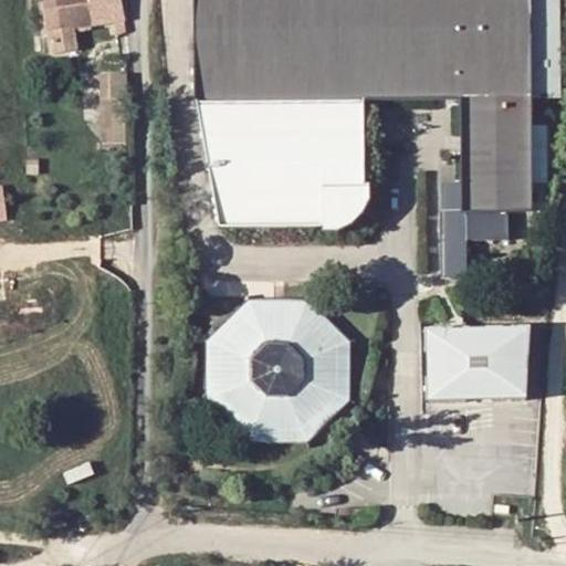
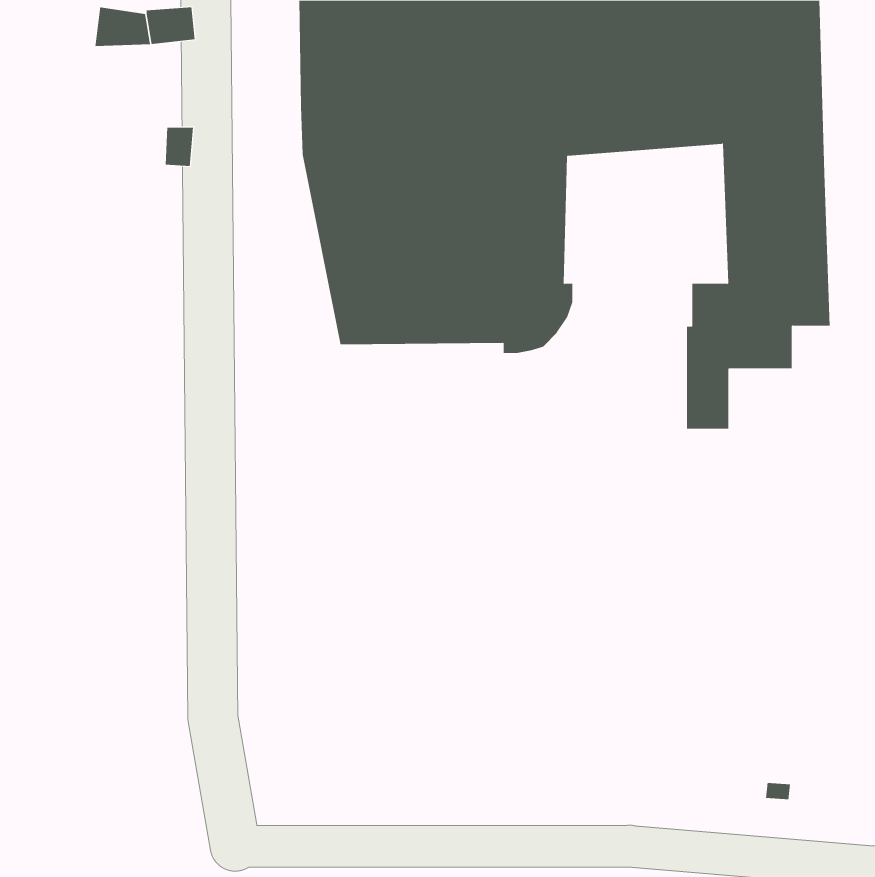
building: [207,297,355,446] -> none
building: [420,318,526,401] -> none

